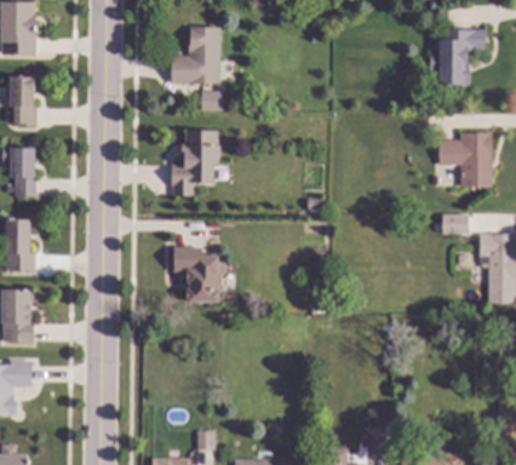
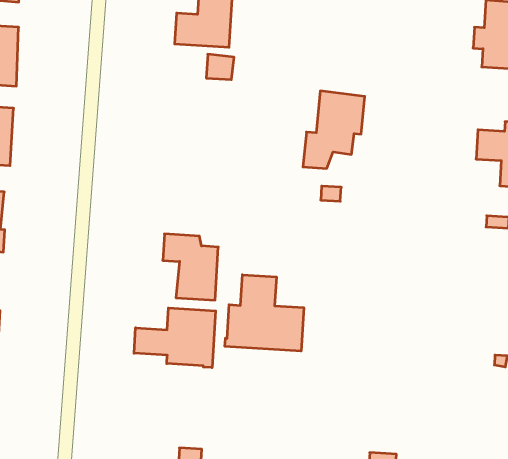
building: [172,128,222,195] -> [303,91,365,168]
building: none -> [225,275,304,351]
building: none -> [134,308,216,368]

